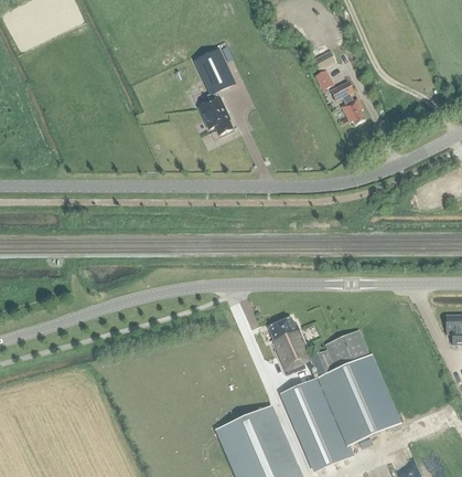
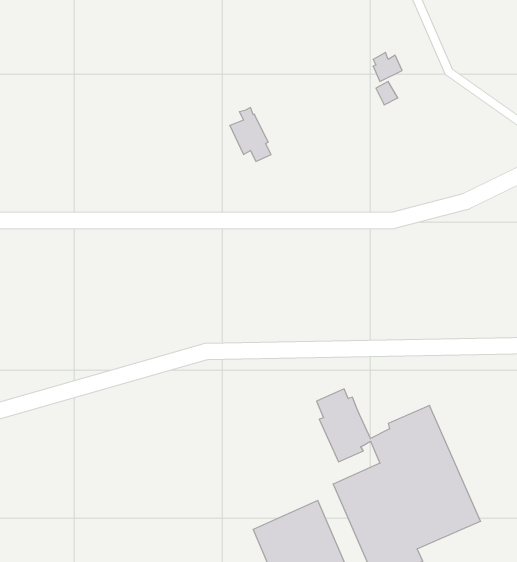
building: [195,49,234,93] -> none
building: [331,81,365,123] -> none

